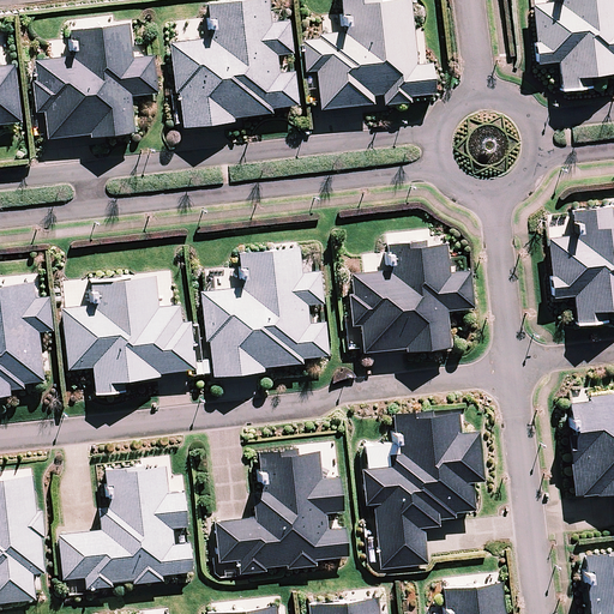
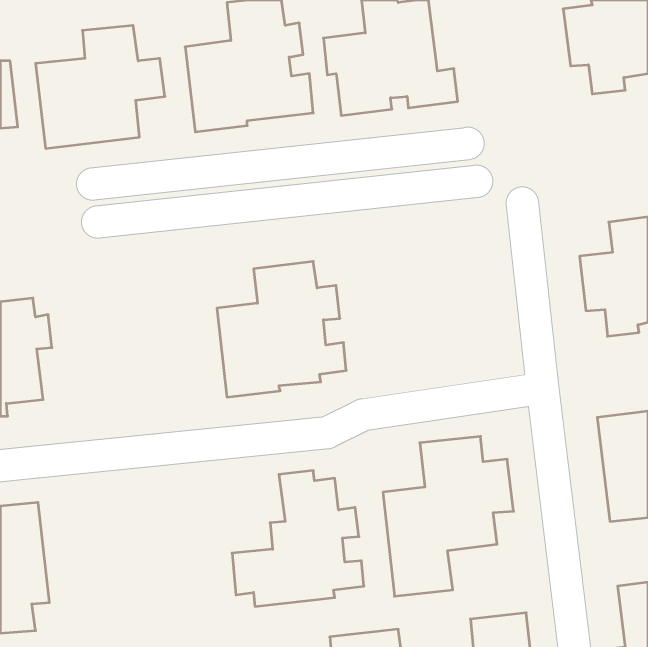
building: [349,242,471,353] -> none
building: [65,278,194,393] -> none
building: [64,463,191,590] -> none

